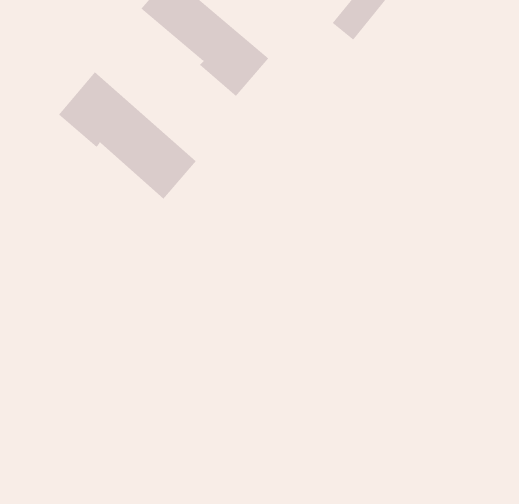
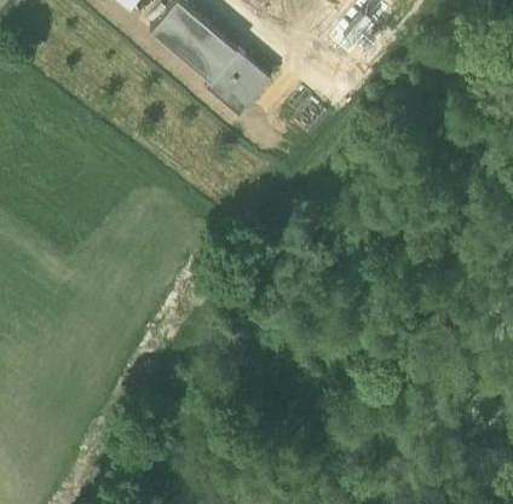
building: [58,72,197,199] -> none

